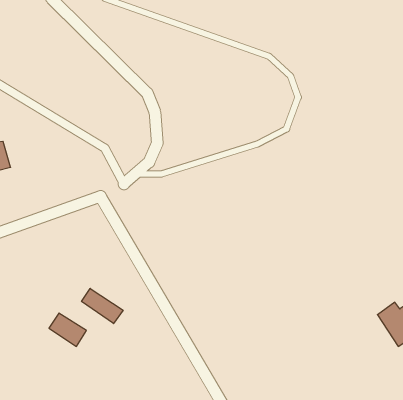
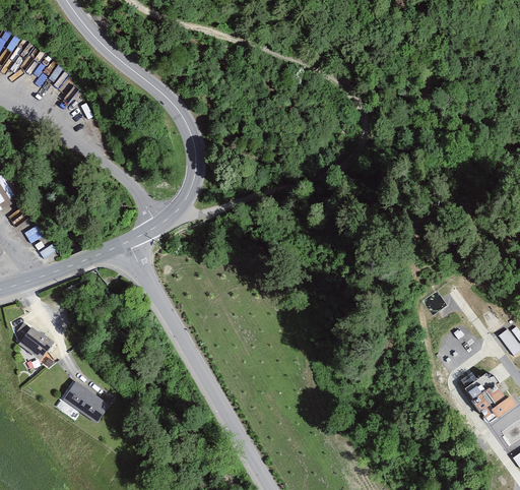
building: none -> [16,326,54,362]
building: [82,288,123,324] -> none

